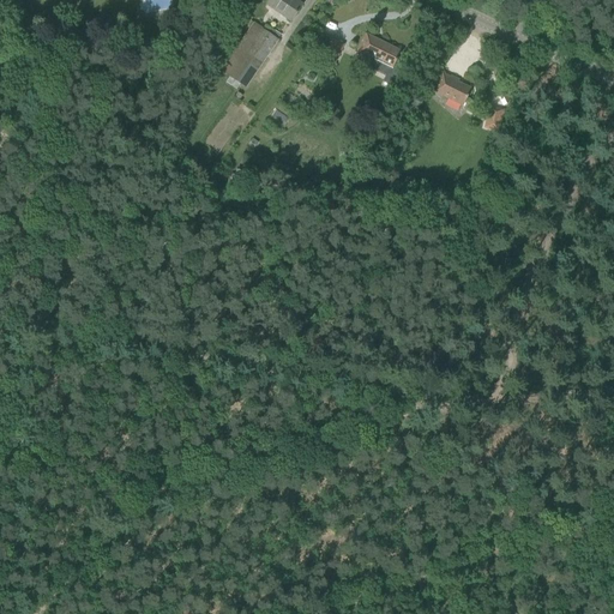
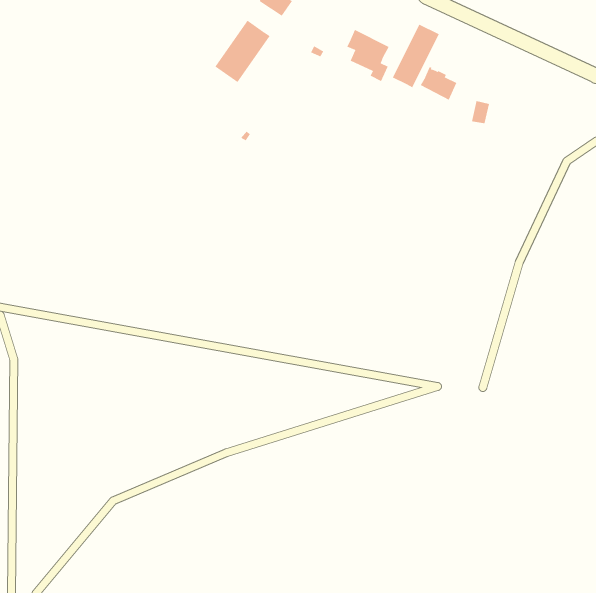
building: none -> [392,24,440,88]

